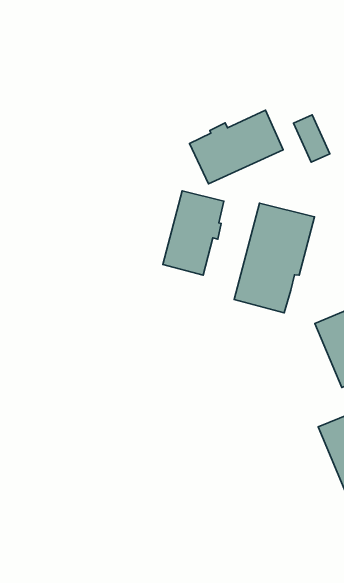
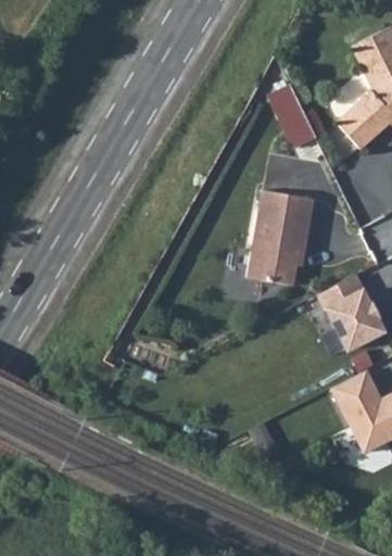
building: [190,110,283,184] -> none
building: [163,191,224,275] -> none

